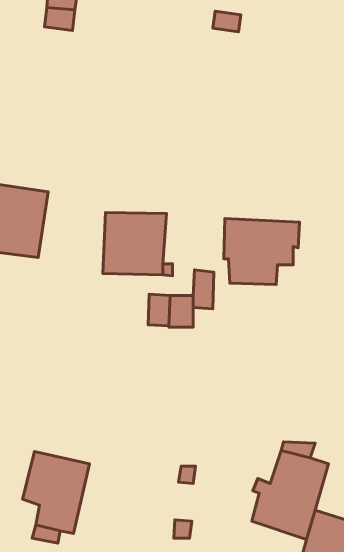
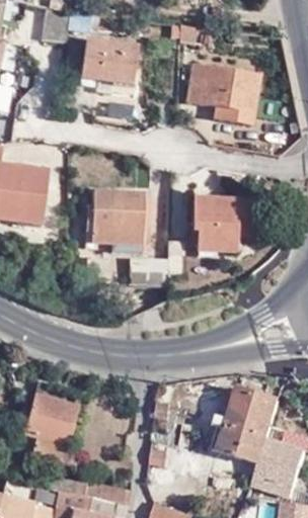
building: none -> [83,38,140,96]
building: none -> [188,64,259,126]

